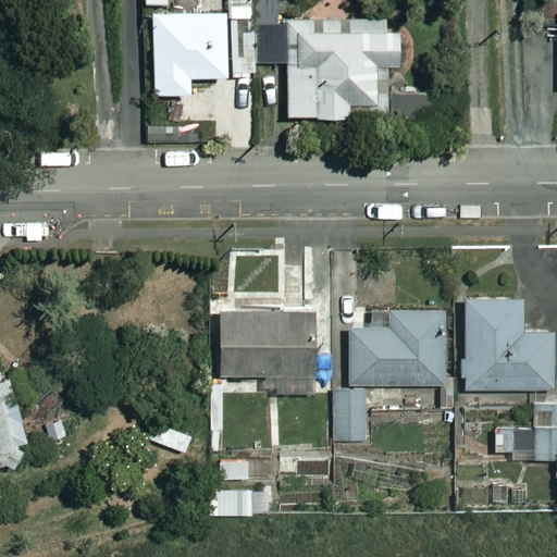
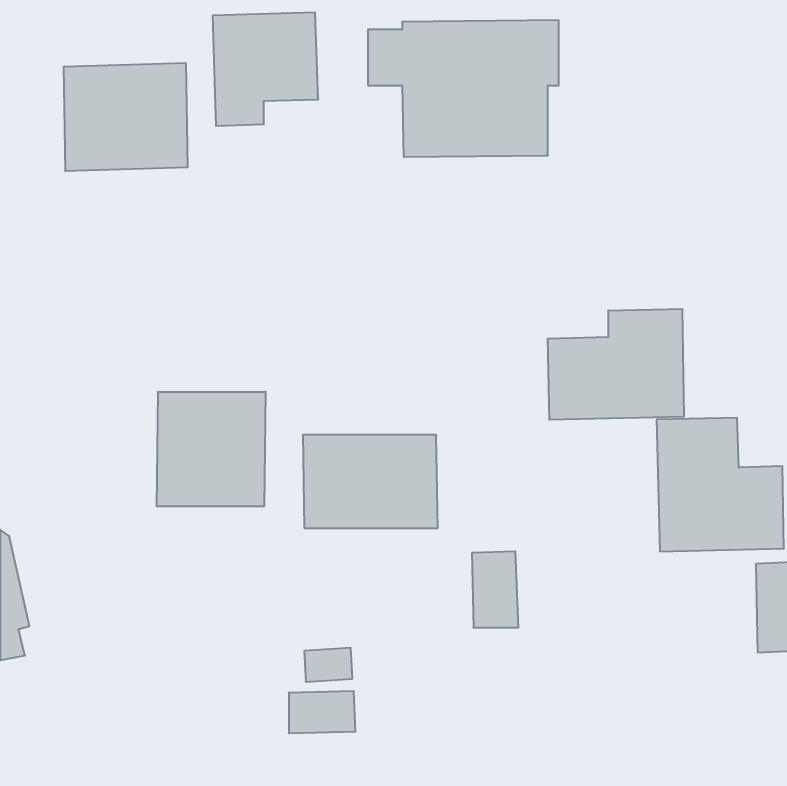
building: none -> [64,63,188,171]
building: none -> [157,392,266,506]
building: [348,310,444,387] -> [548,309,684,420]

